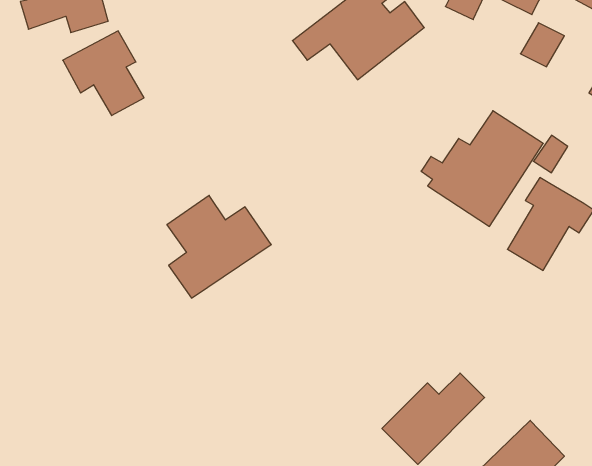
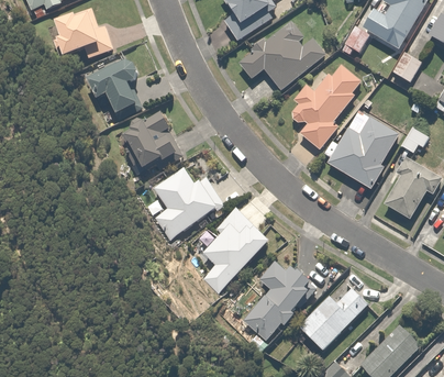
building: none -> [292,66,363,151]
building: none -> [122,114,180,170]
building: none -> [202,210,267,292]
building: none -> [245,257,310,341]

